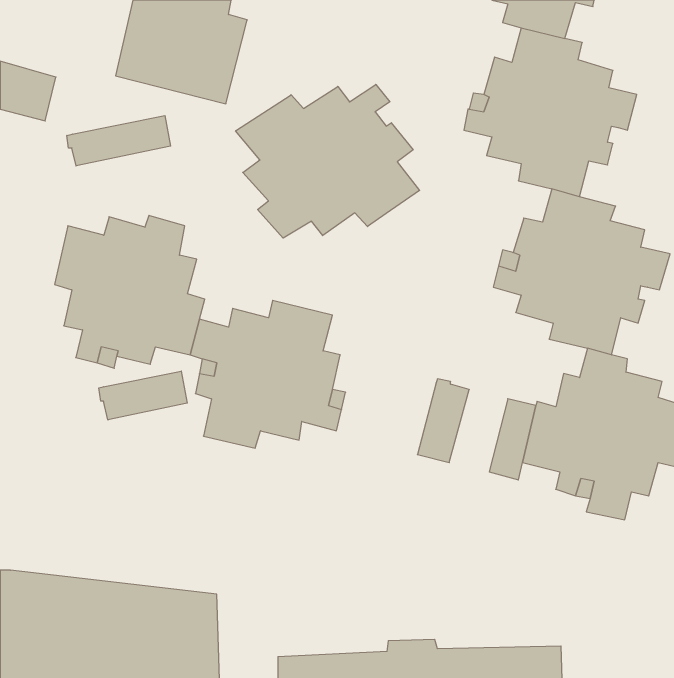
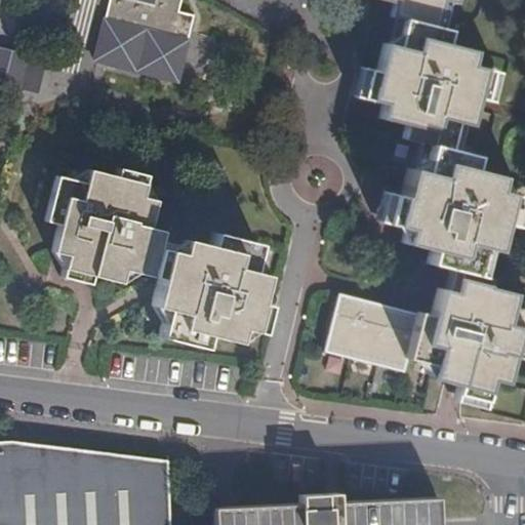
building: [236,84,420,238] -> none
building: [67,116,171,166] -> none
building: [99,371,187,420] -> none
building: none -> [351,301,396,365]

